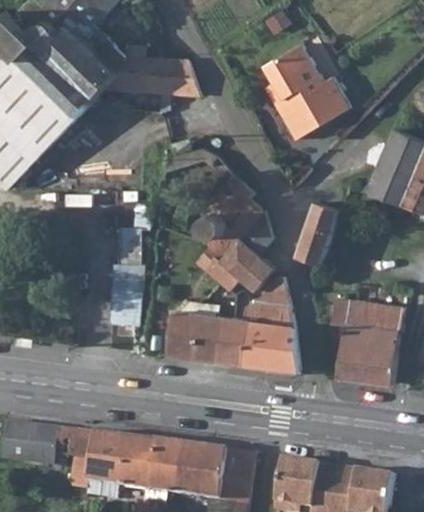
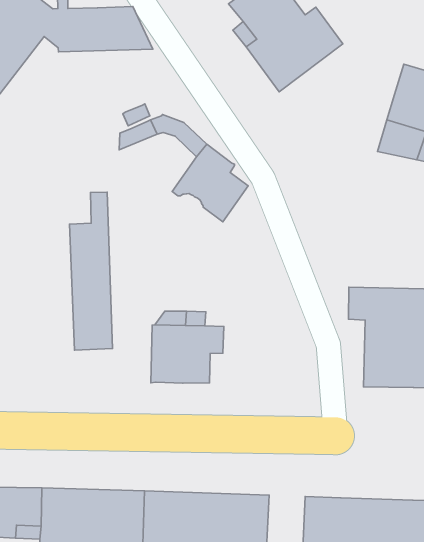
building: [295,202,339,262] -> none
building: [198,209,274,291] -> none
building: [215,276,298,372] -> none

